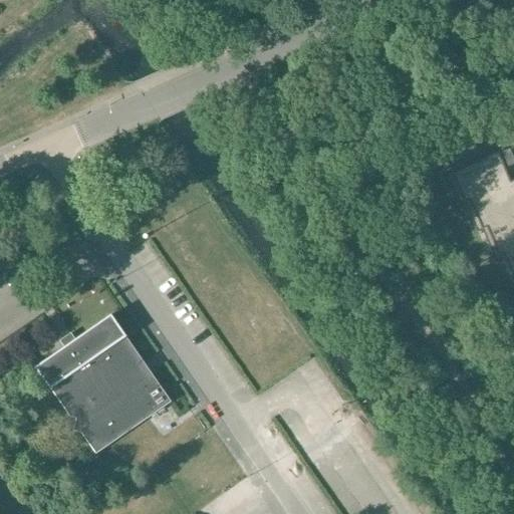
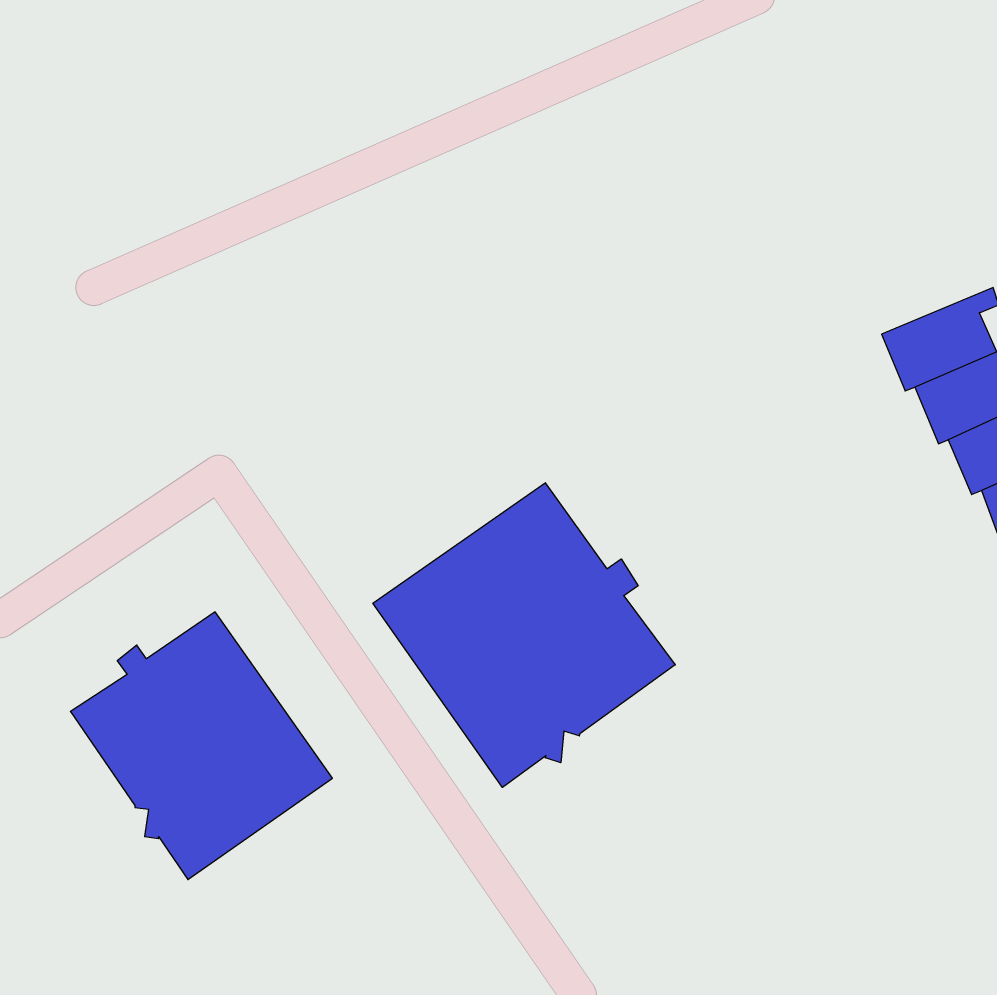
building: none -> [373,483,675,787]

